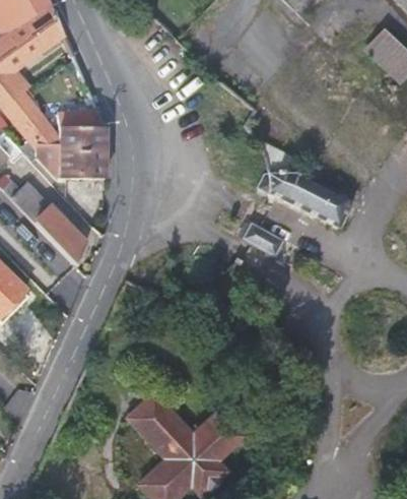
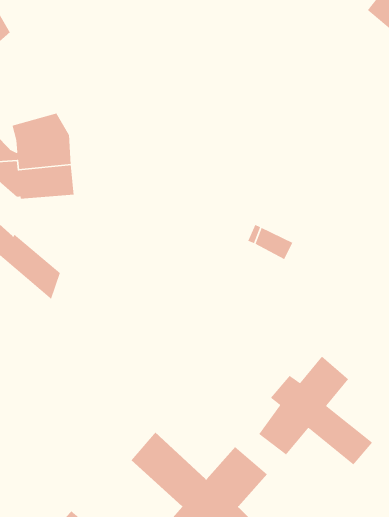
building: [252,136,351,226] -> none
building: none -> [258,355,373,465]

